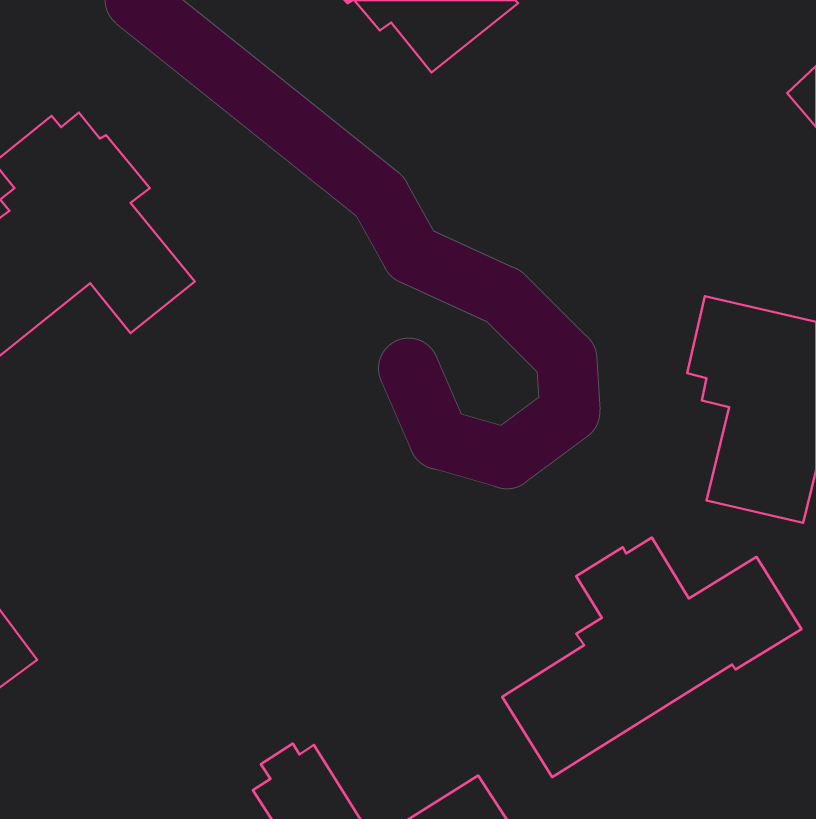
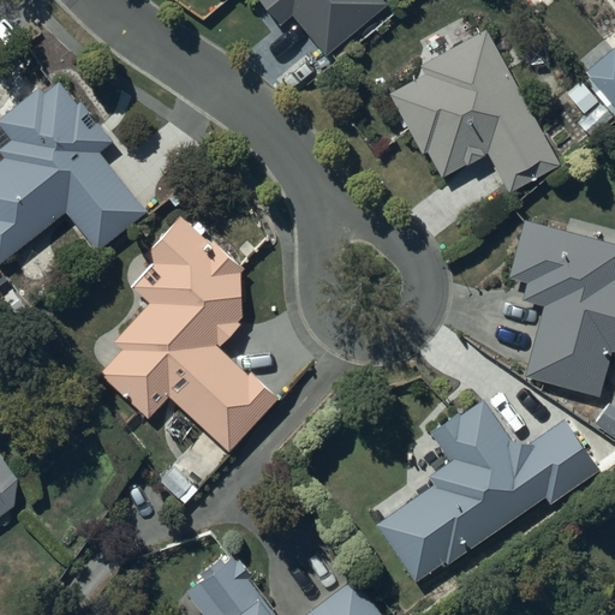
building: none -> [390,31,556,191]
building: none -> [100,217,274,448]

